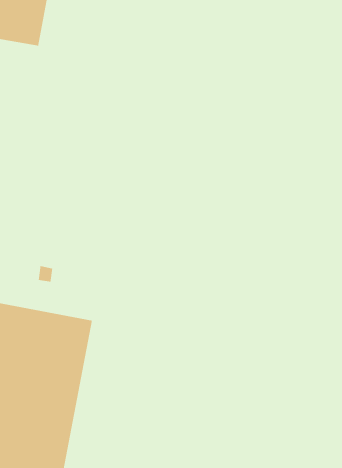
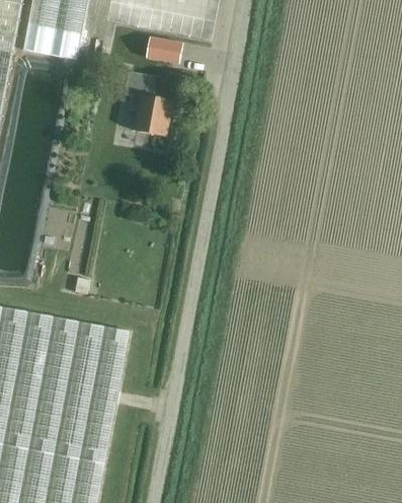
building: none -> [147,38,183,64]
building: none -> [126,72,173,137]

